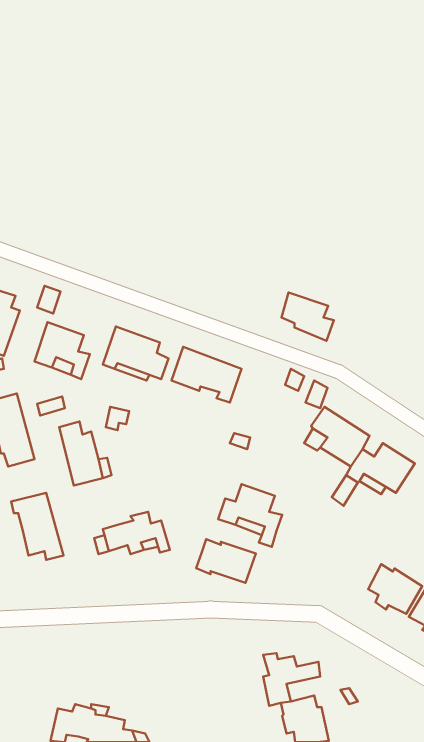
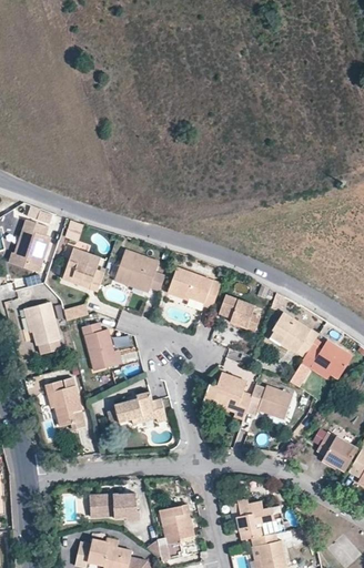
building: [281,293,334,341] -> [220,294,260,331]
building: [196,539,256,583] -> [247,384,293,417]
building: none -> [94,494,140,521]
building: none -> [156,506,193,560]

